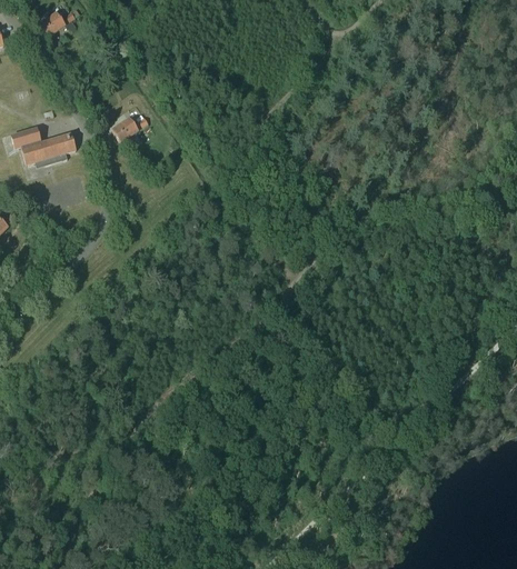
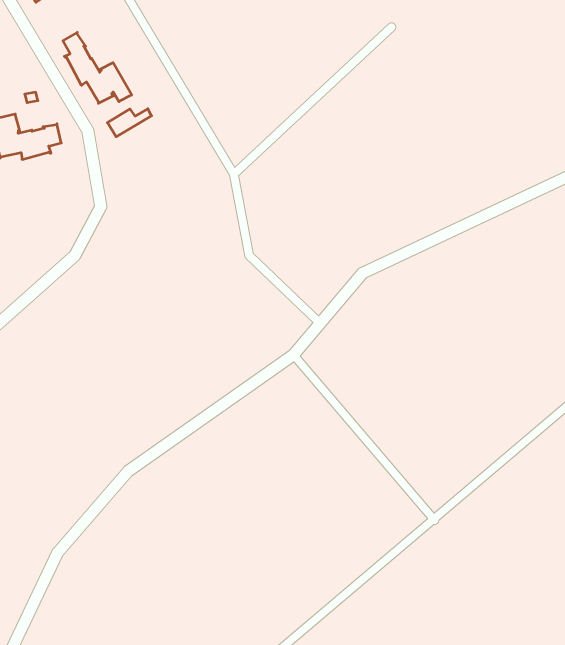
building: none -> [63,32,132,103]

